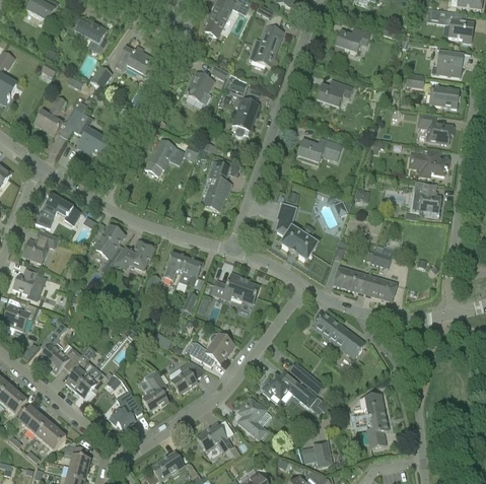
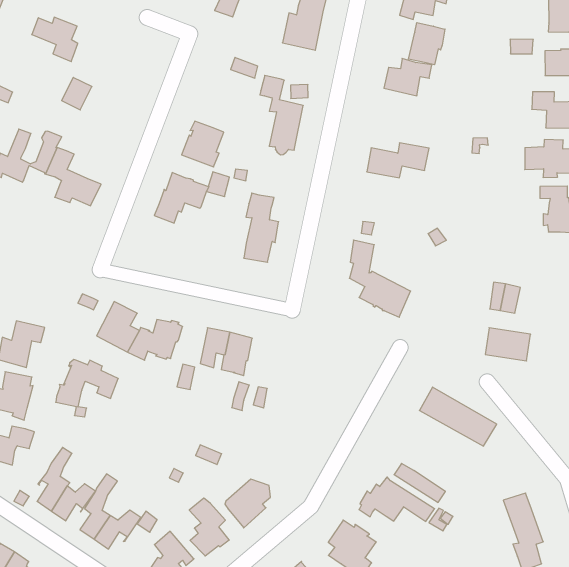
building: [115,45,155,75] -> none
building: none -> [409,23,445,65]
building: [184,70,215,103] -> [182,121,224,167]
building: [34,194,80,227] -> [56,359,118,407]
building: [333,266,368,293] -> none
building: [212,272,259,303] -> none
building: [185,332,233,365] -> none

